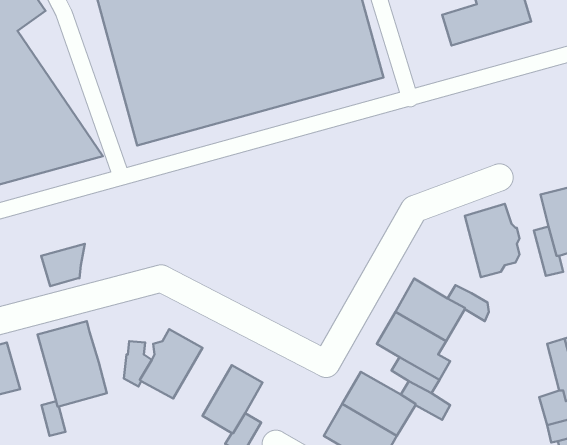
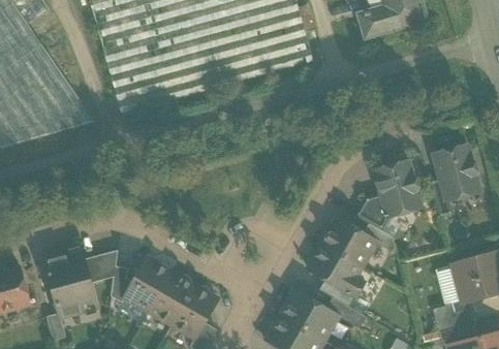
building: [41,244,85,286] -> [84,249,118,282]
building: none -> [355,192,387,228]
building: none -> [149,271,194,323]

